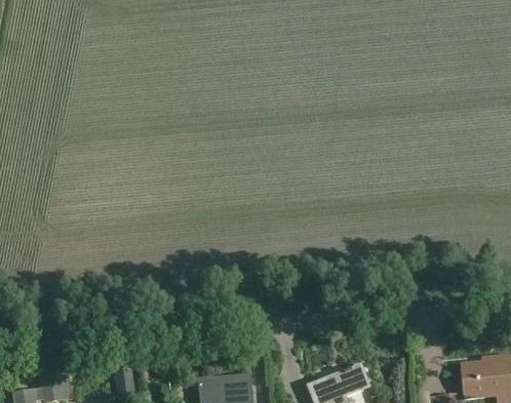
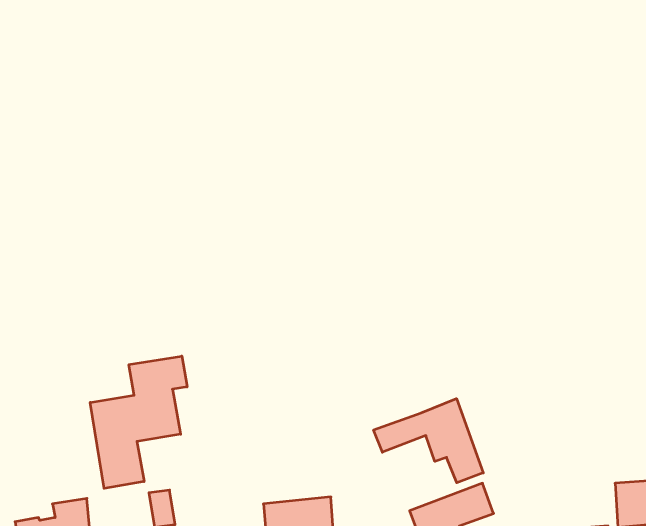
building: none -> [90,356,187,488]
building: none -> [374,399,483,483]

